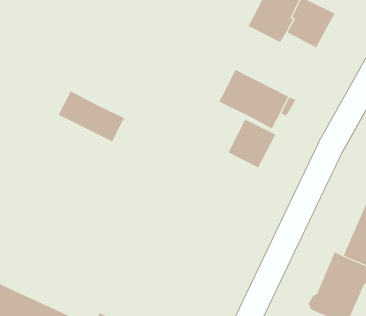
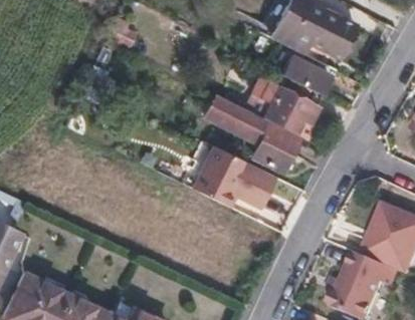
building: none -> [281,55,330,93]
building: [58,91,125,142] -> [207,94,271,143]
building: none -> [196,147,273,207]

